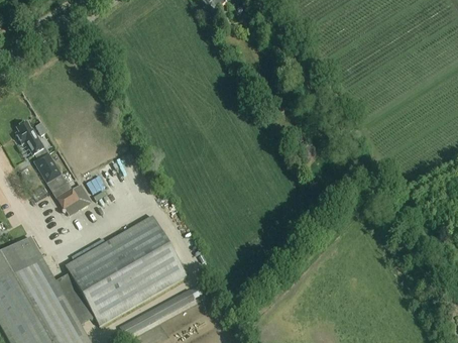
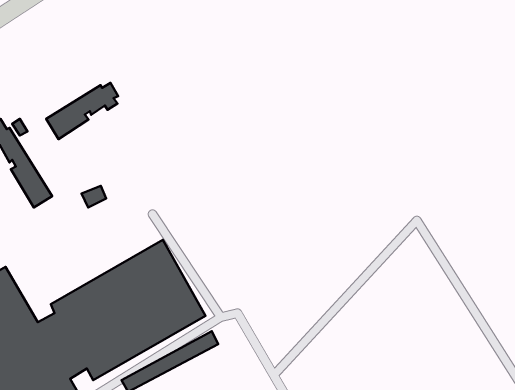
building: none -> [46,83,118,139]
building: [51,181,79,208] -> none

